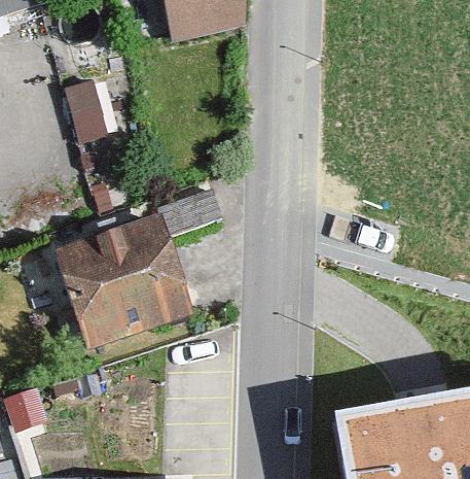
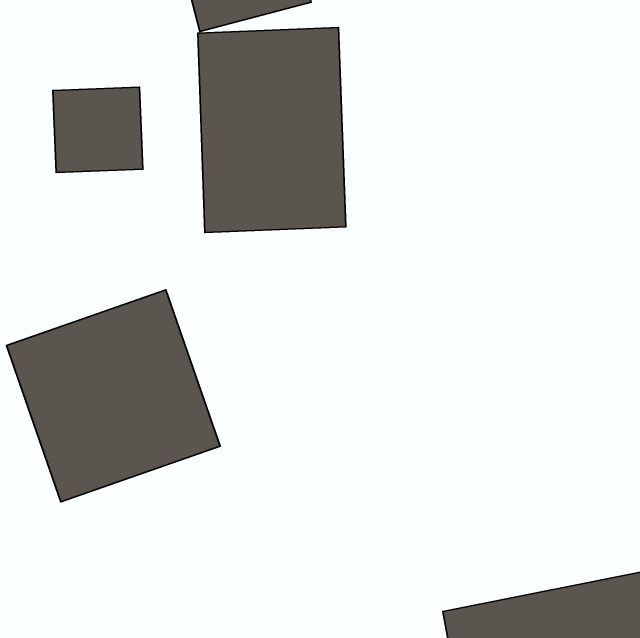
building: none -> [198,28,346,232]

